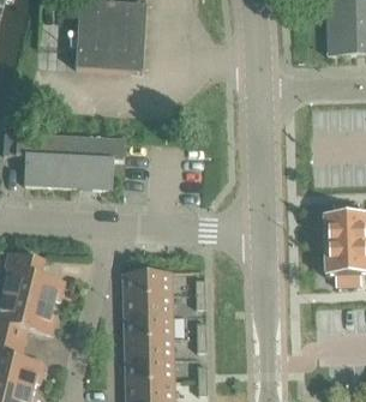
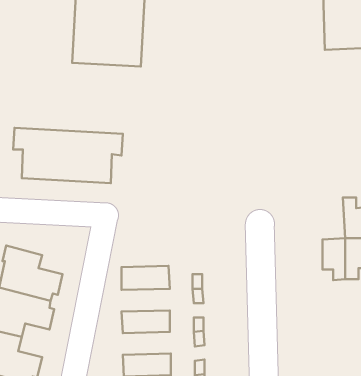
building: [324,203,348,245] -> none
building: [125,294,173,317] -> none
building: [126,337,174,360] -> none

